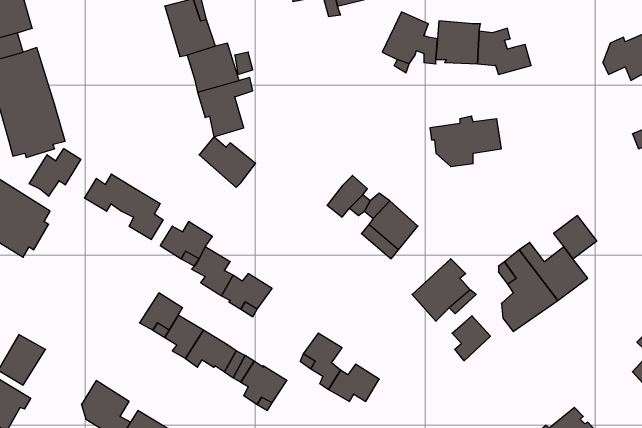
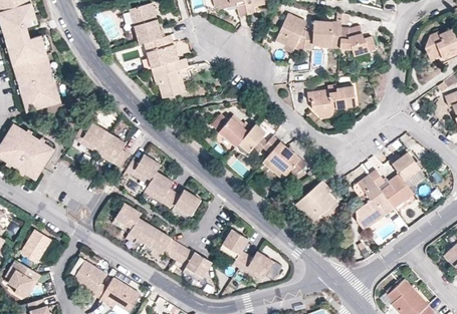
building: [199,137,256,187] -> [210,113,248,147]
building: [29,149,81,196] -> none
building: [452,316,490,361] -> none

